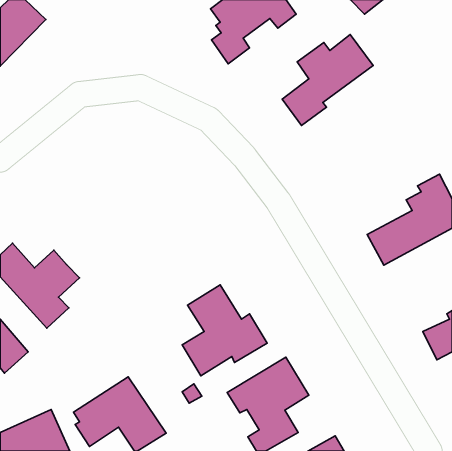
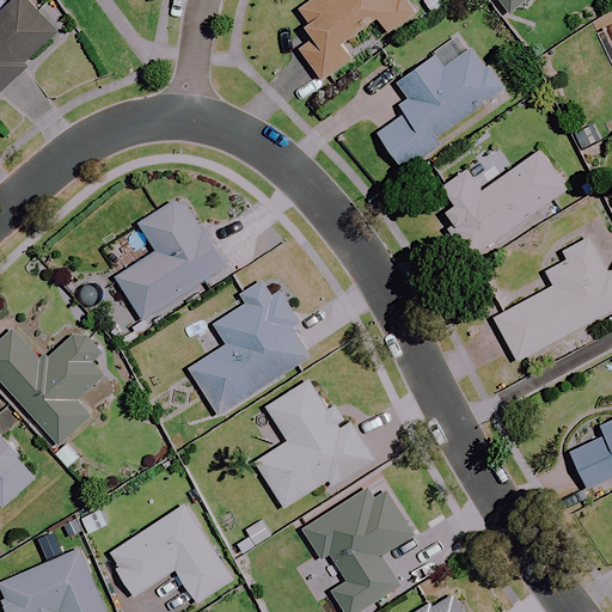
building: none -> [443,149,568,258]
building: none -> [102,202,213,324]
building: none -> [192,276,312,414]

